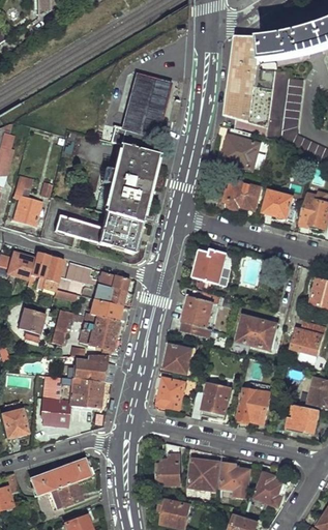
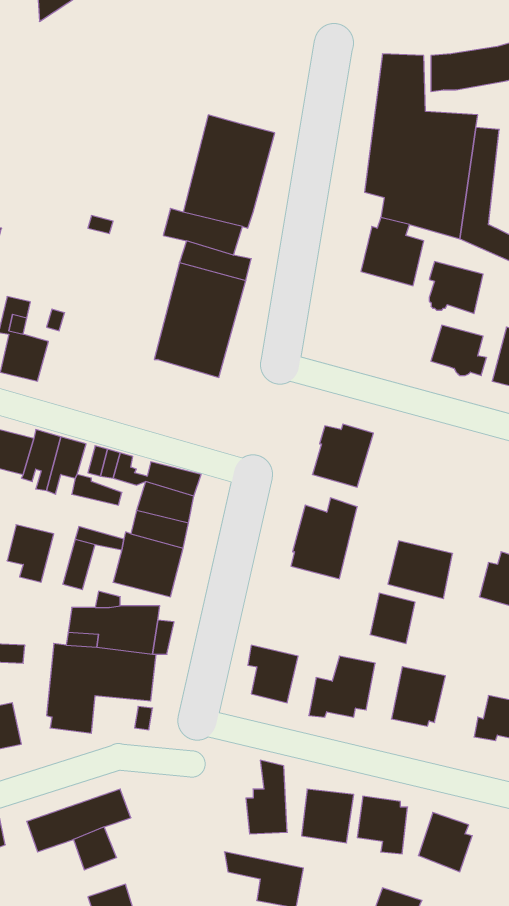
building: [228,180,259,210] -> [429,262,483,314]
building: [53,211,140,252] -> none
building: [166,344,191,373] -> [370,593,415,644]

